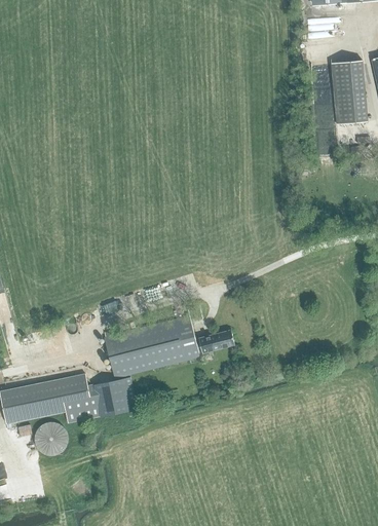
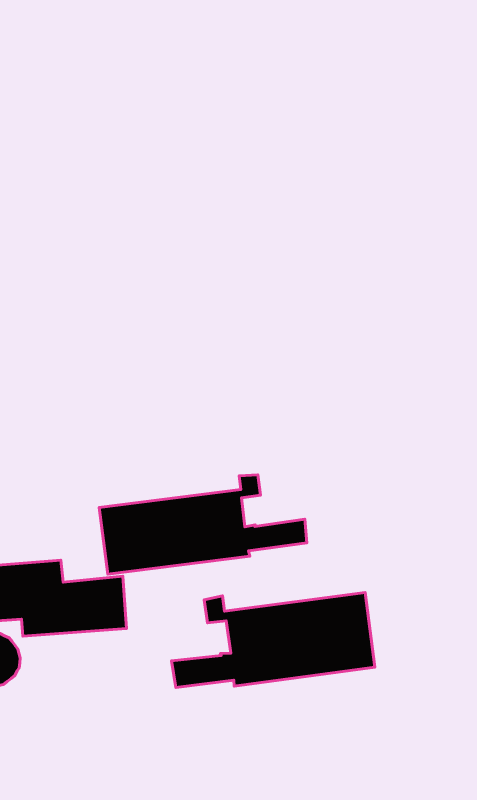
building: none -> [172,592,375,687]

